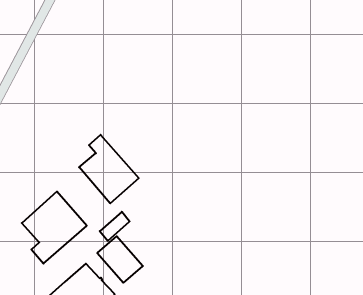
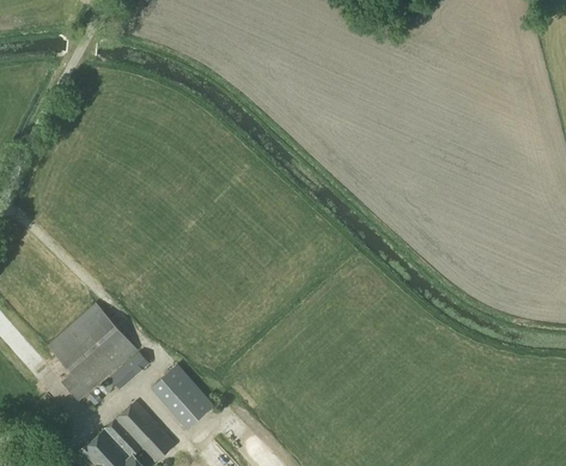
building: [79,135,139,203] -> none
building: [100,212,130,241] -> [109,351,150,391]

